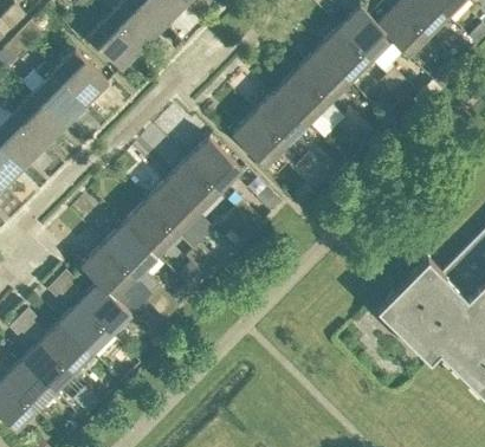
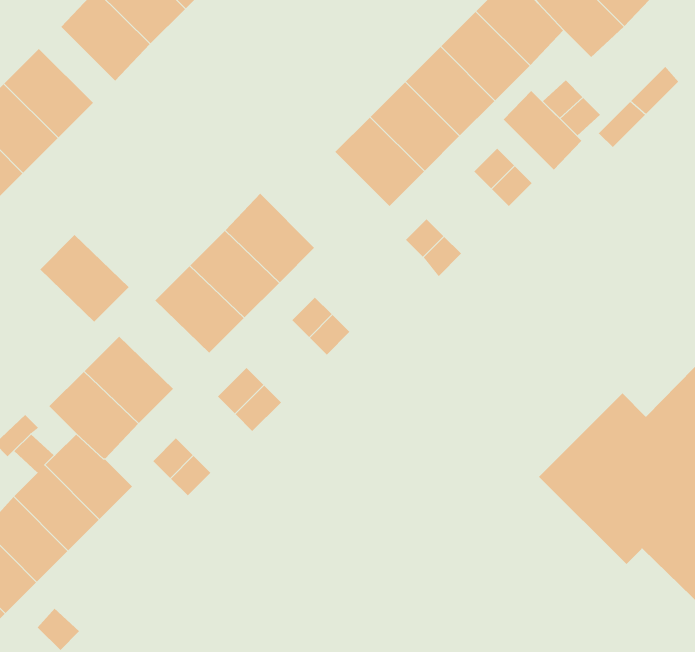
building: none -> [503,90,582,170]
building: [231,112,285,167] -> none
building: [122,202,176,255] -> [39,234,129,322]

